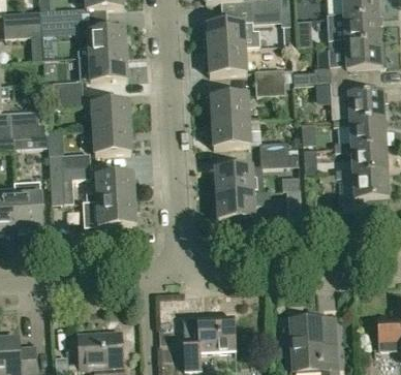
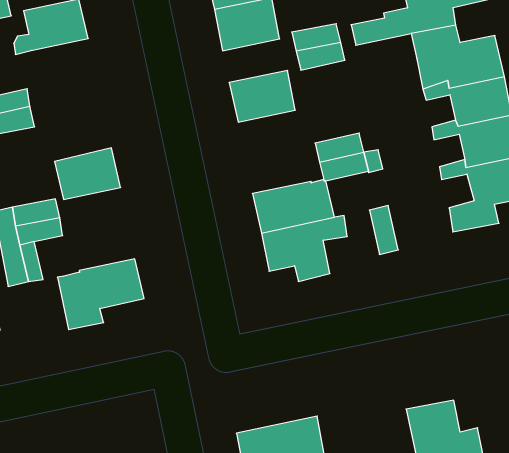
building: [78,54,126,81] -> none
building: [91,99,129,128] -> none
building: [212,118,259,146] -> none
building: [86,173,133,201] -> none

